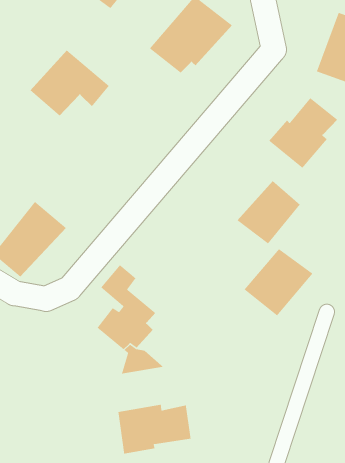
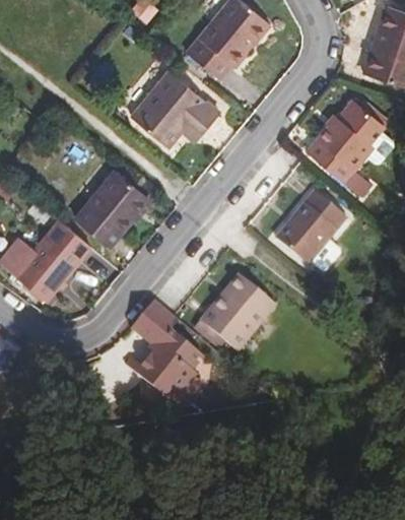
building: [30,49,110,117] -> [130,73,217,146]
building: none -> [72,175,148,250]
building: [243,248,313,317] -> [202,277,278,351]
building: [117,404,191,455] -> none

